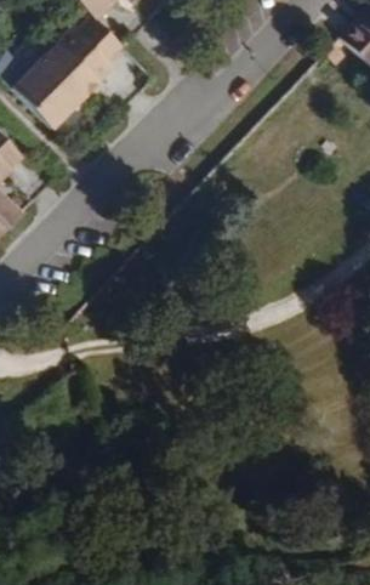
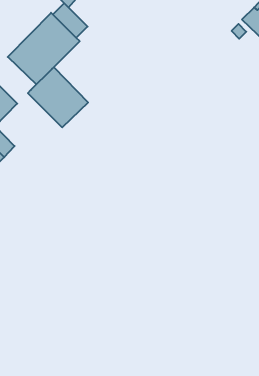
building: none -> [28,67,88,127]

